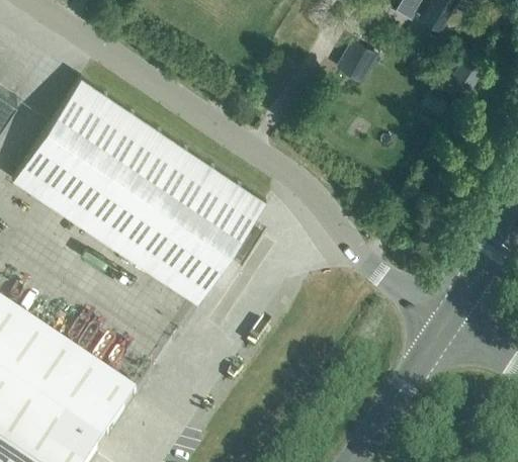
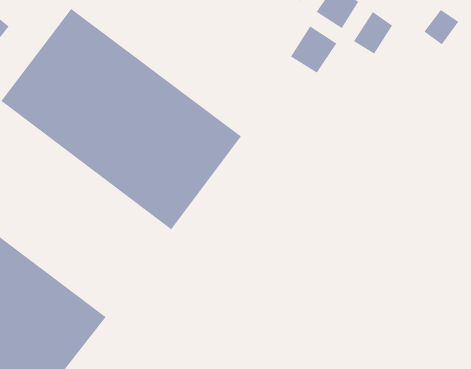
building: none -> [353,11,393,55]
building: none -> [290,25,337,73]

